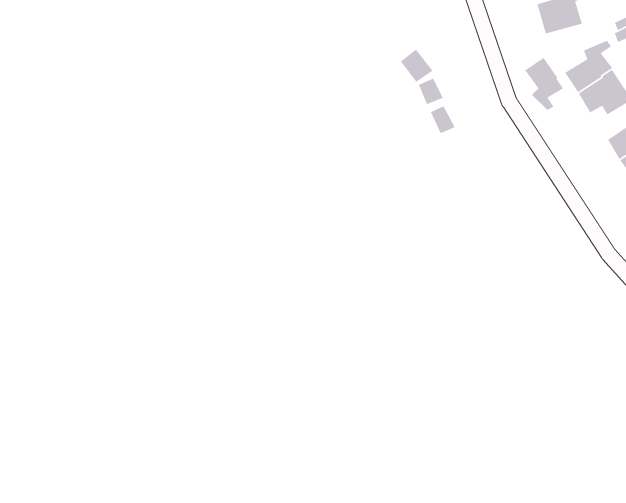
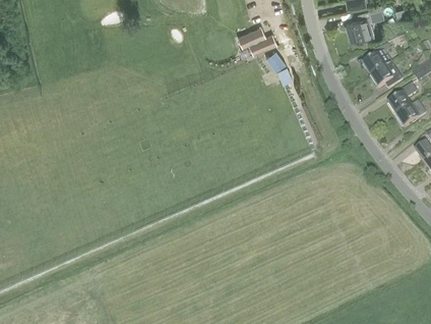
building: none -> [237,28,275,55]
building: [524,57,565,111] -> none

